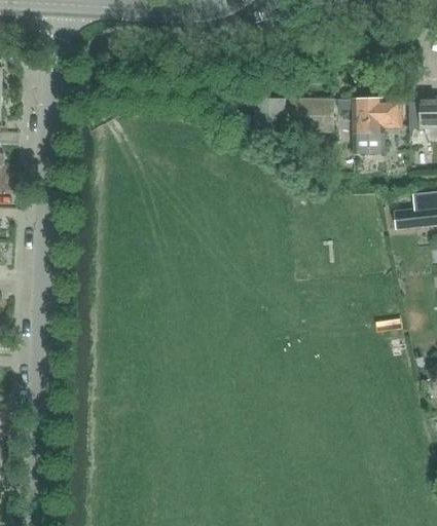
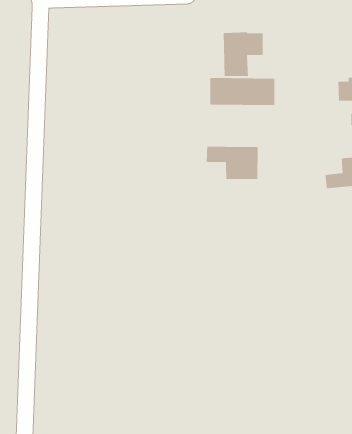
building: [354,99,402,152] -> [223,32,264,77]
building: none -> [206,146,258,180]

